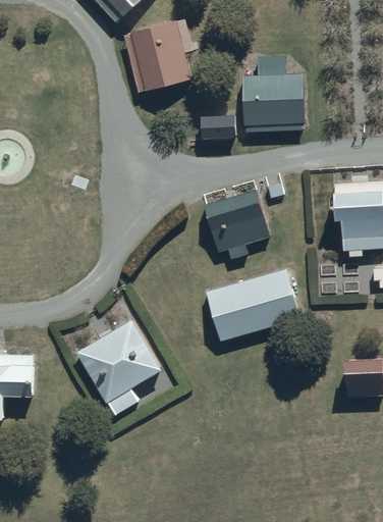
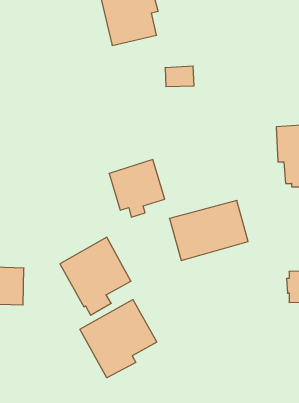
building: [242,55,304,127] -> none
building: [204,195,270,263] -> [109,160,165,217]
building: none -> [80,300,157,378]

